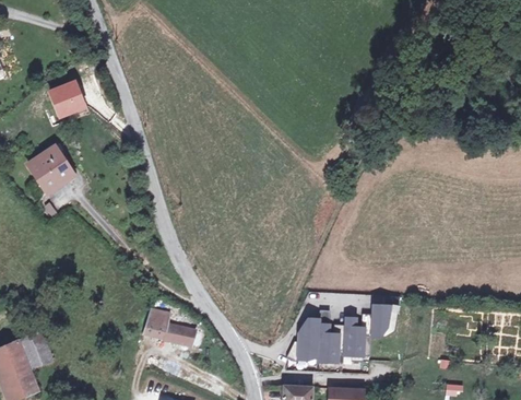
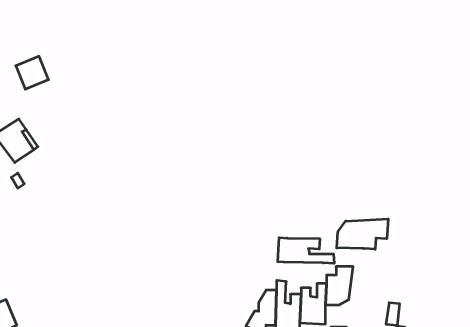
building: none -> [337,219,388,249]
building: none -> [278,238,334,263]
building: [152,320,194,345] -> none

